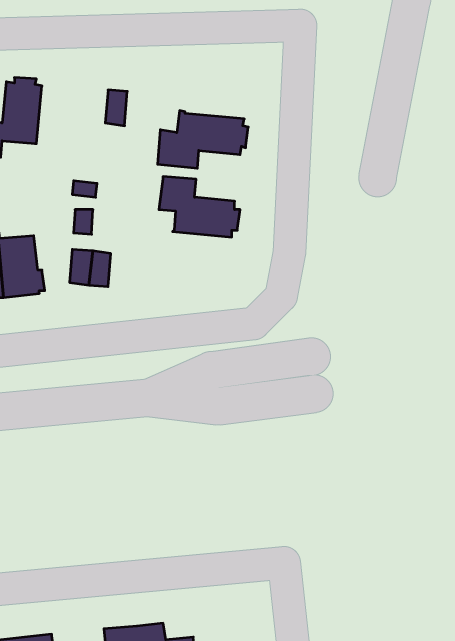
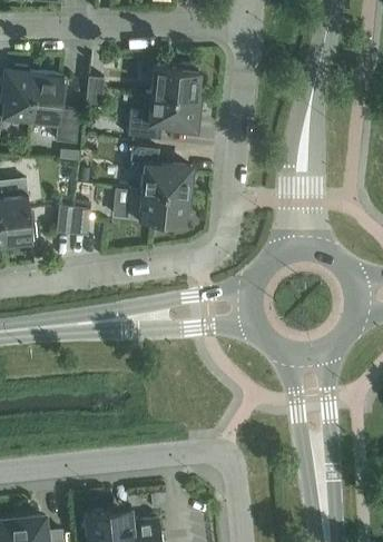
building: none -> [150,66,200,100]
building: none -> [28,73,80,144]
building: none -> [127,189,188,228]

